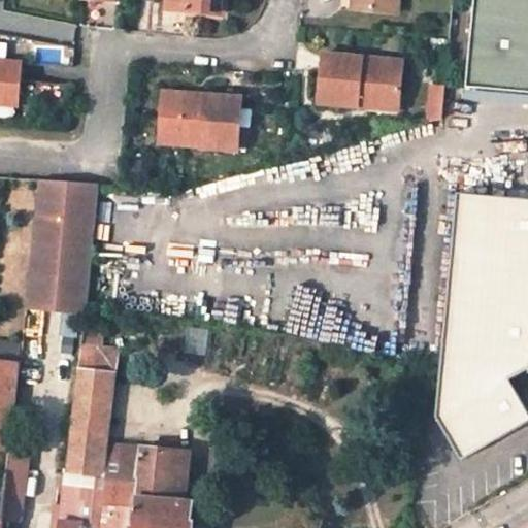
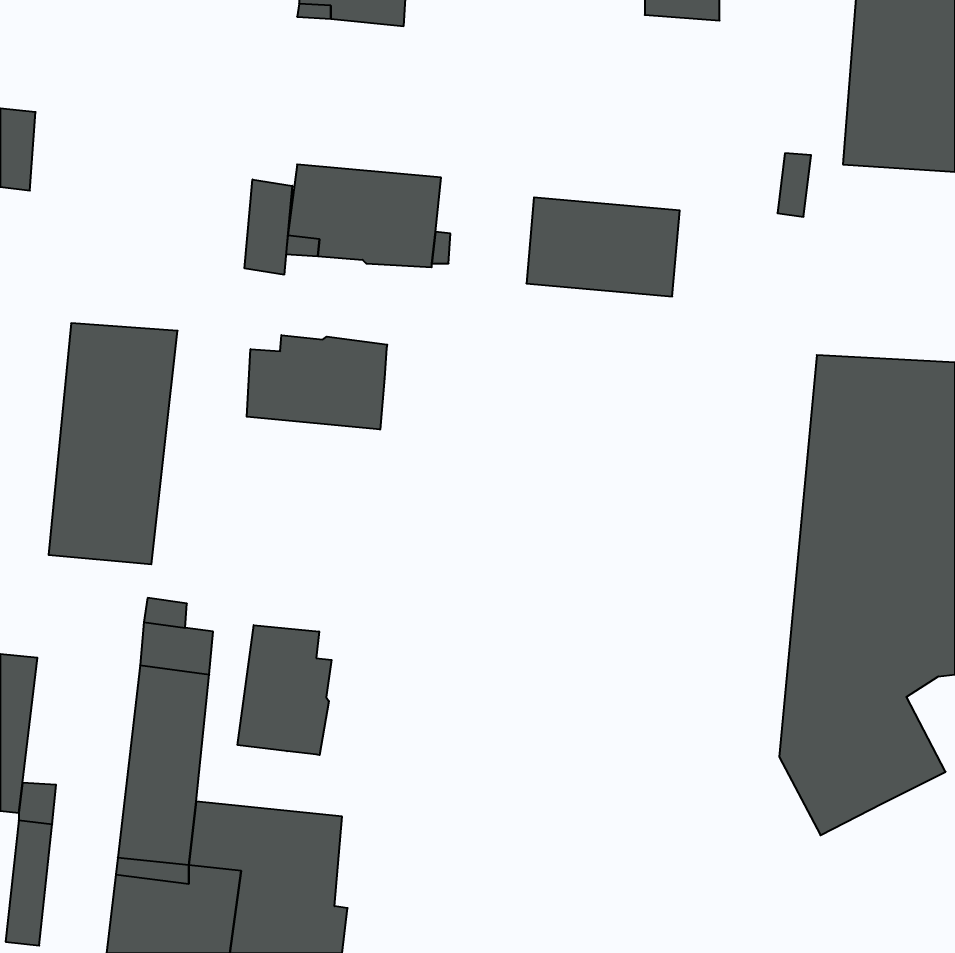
building: [317,54,401,108] -> [526,197,680,296]
building: none -> [245,179,292,275]
building: none -> [247,335,387,430]
building: none -> [238,625,332,755]

